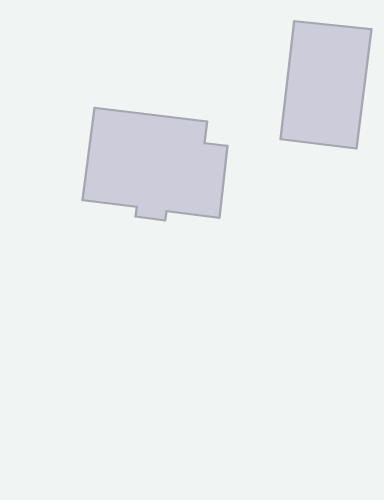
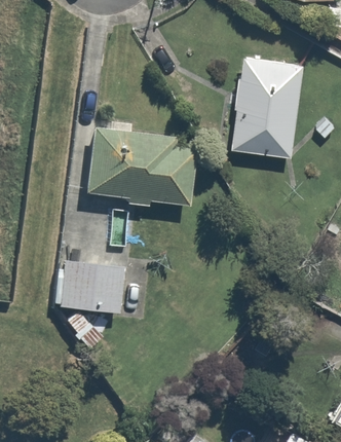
building: none -> [56,261,124,337]

